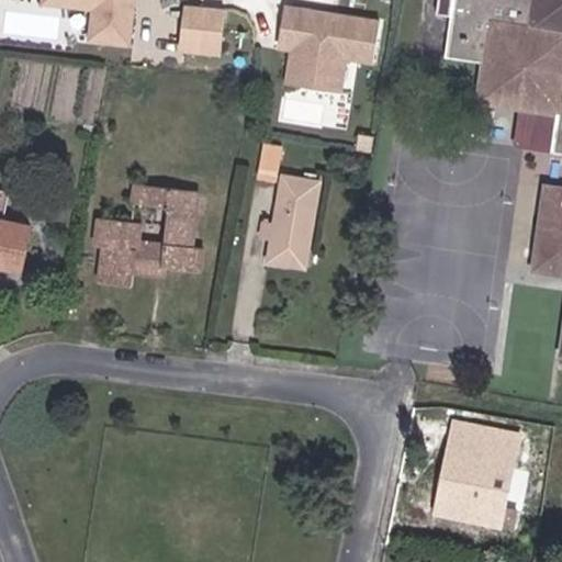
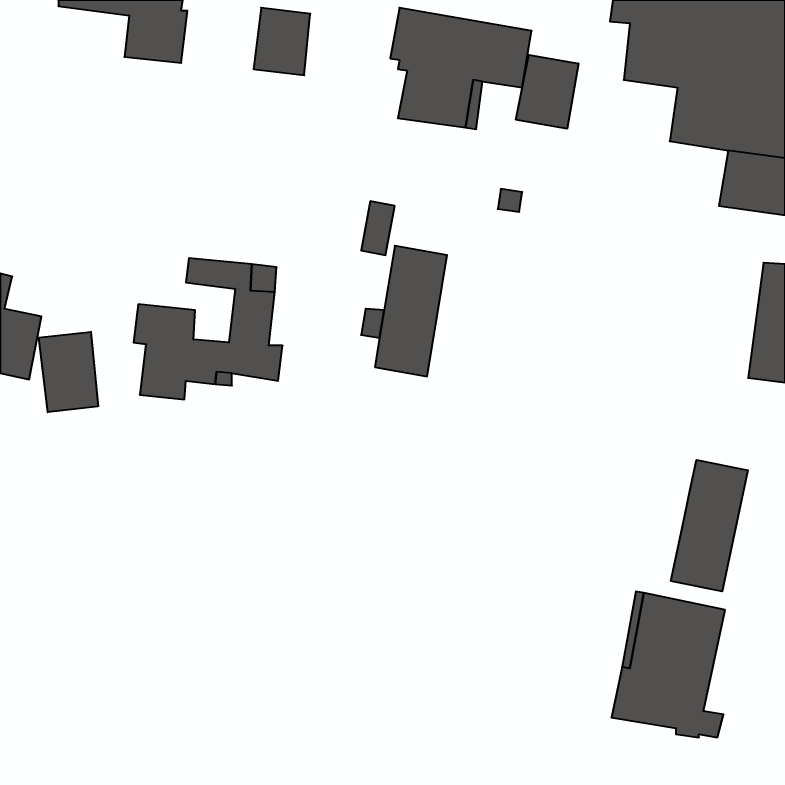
building: none -> [516,55,578,129]
building: none -> [39,332,98,412]
building: none -> [671,460,748,591]

